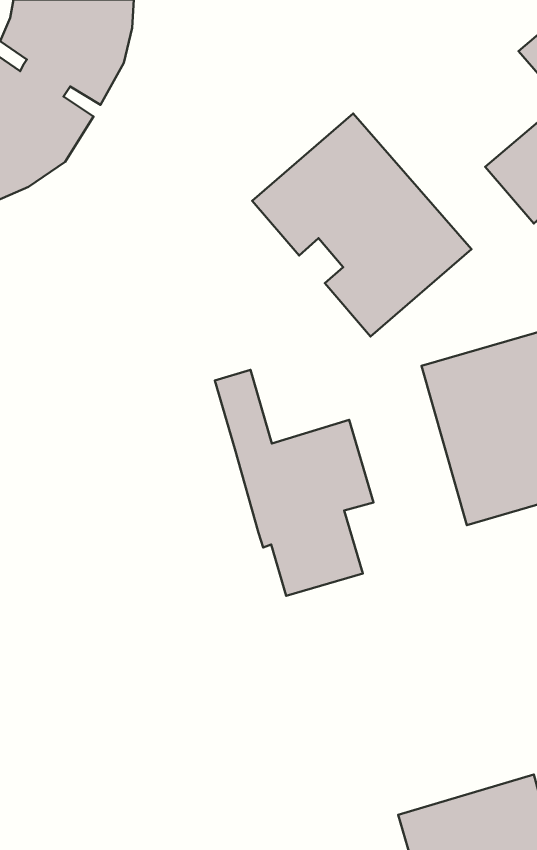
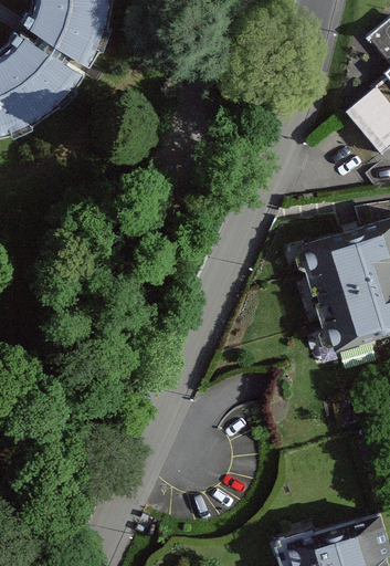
building: [252,113,472,337] -> none
building: [215,370,374,596] -> none

